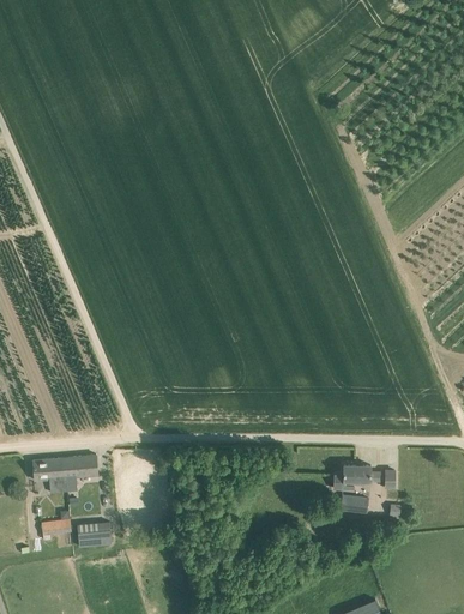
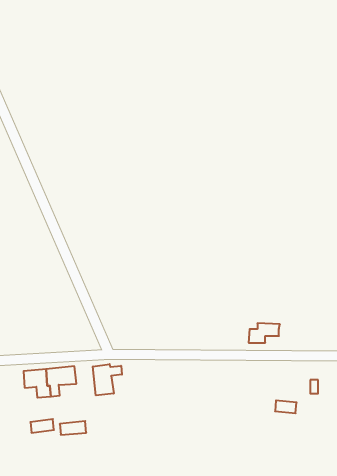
building: none -> [93,364,122,395]
building: [333,465,372,489] -> [249,323,280,343]

